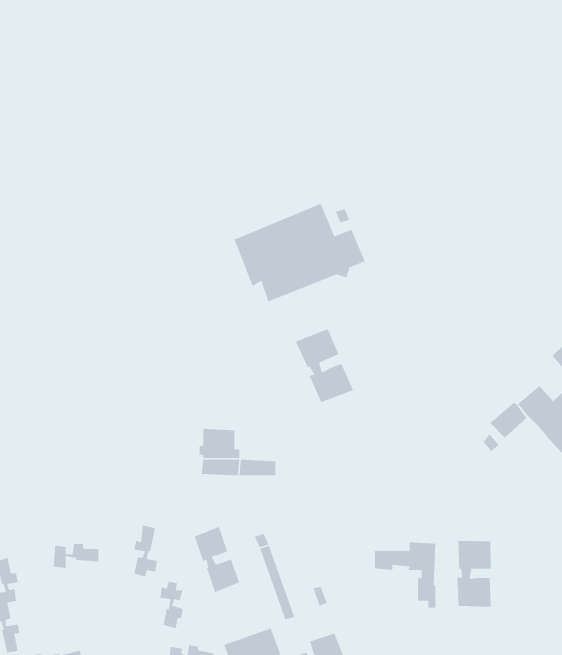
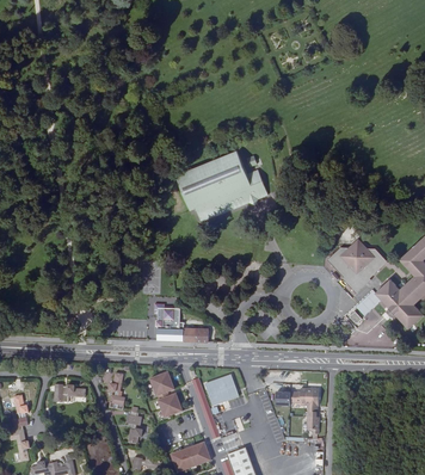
building: [295,328,354,403] -> none
building: none -> [327,237,386,291]
building: none -> [204,372,238,403]
building: [457,540,492,607] -> none

